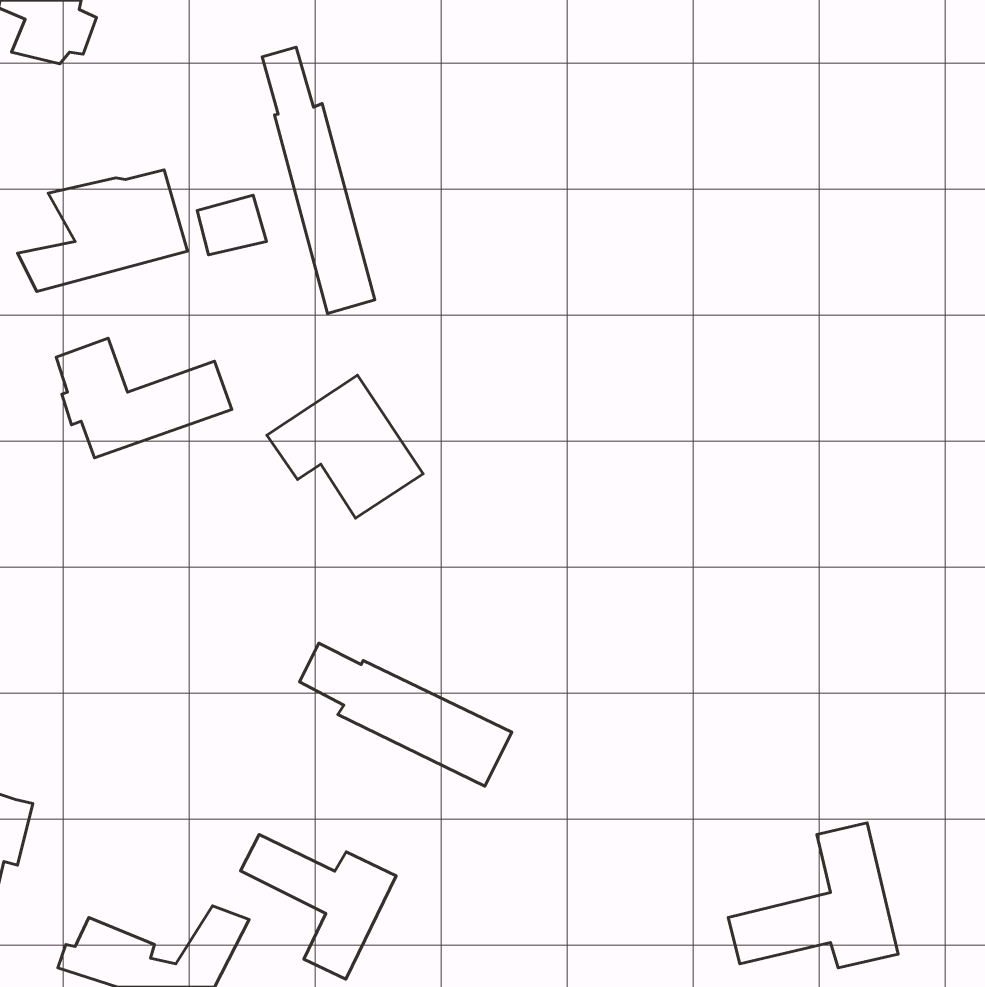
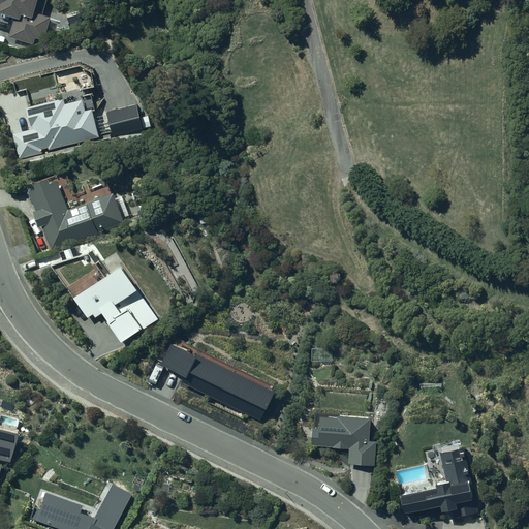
building: [262,47,375,314] -> none
building: [267,375,423,518] -> [72,267,156,343]
building: none -> [311,406,373,465]
building: [241,835,396,979] -> none

